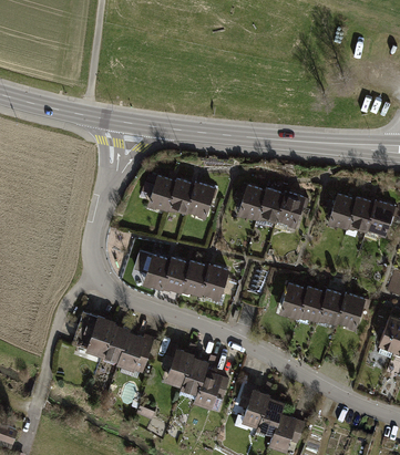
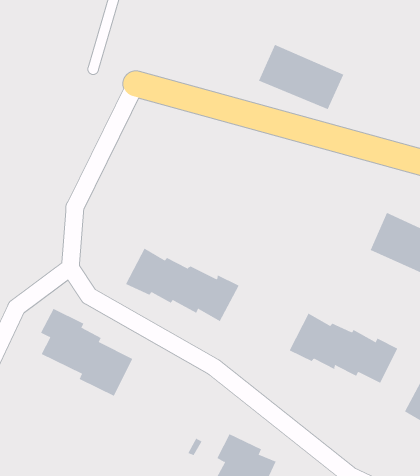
building: [147,175,214,217] -> none
building: [237,185,304,229] -> [258,44,344,110]
building: [162,345,224,407] -> none

